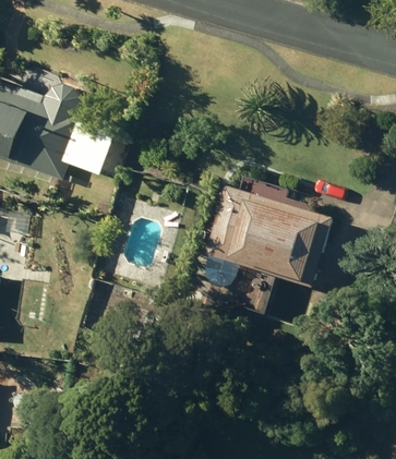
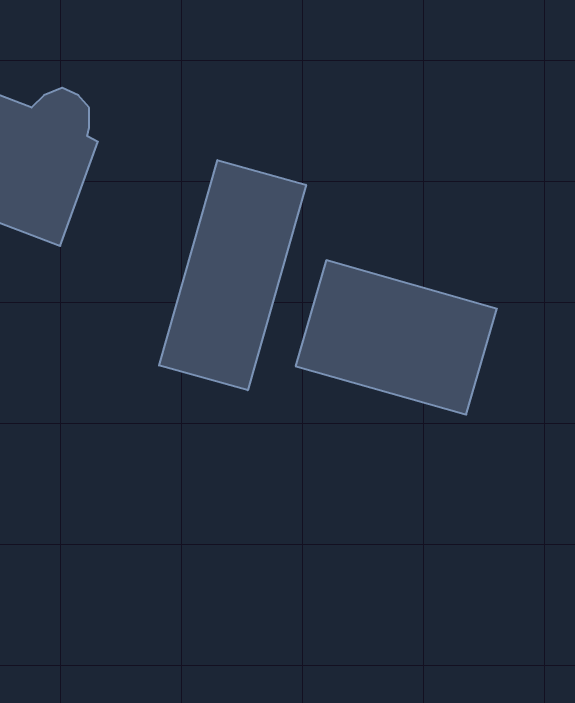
building: none -> [159,160,306,390]

